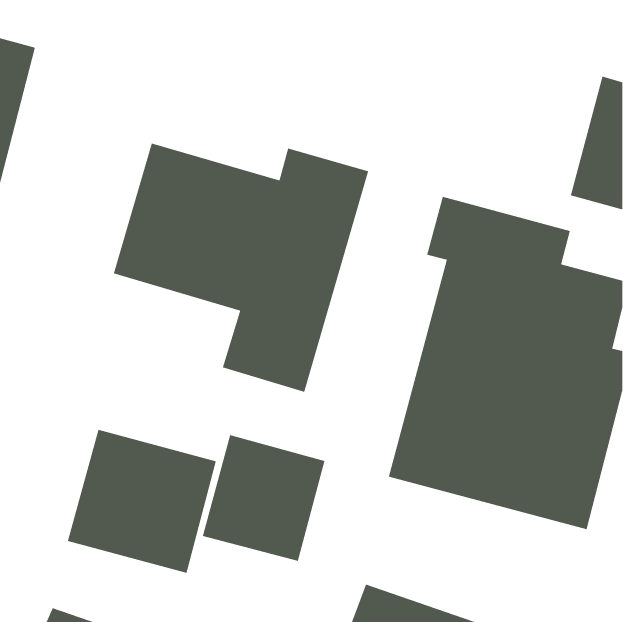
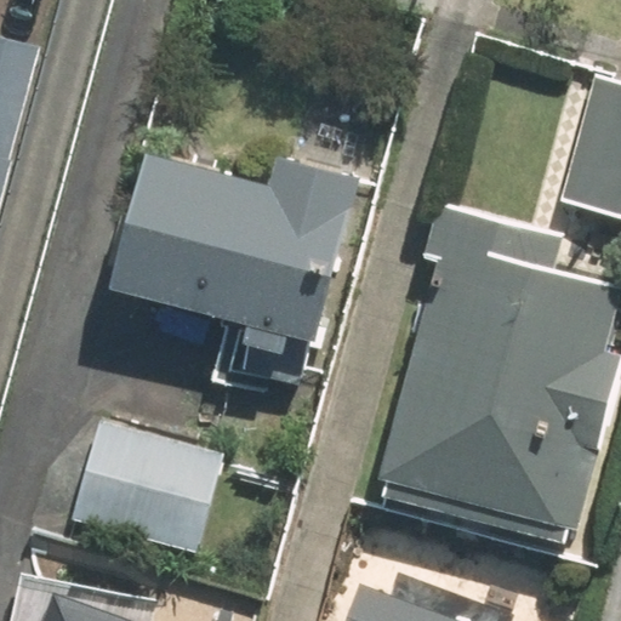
building: [202,434,325,562] -> none

